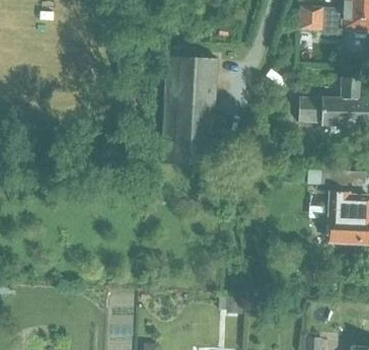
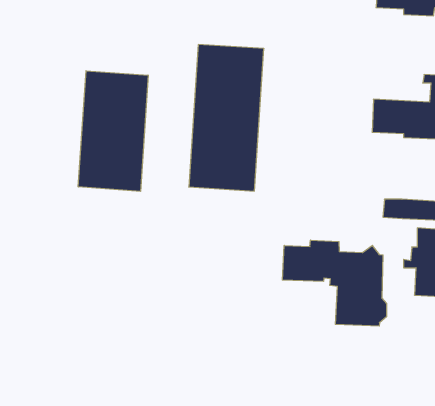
building: none -> [78,71,148,191]
building: none -> [282,240,386,326]

